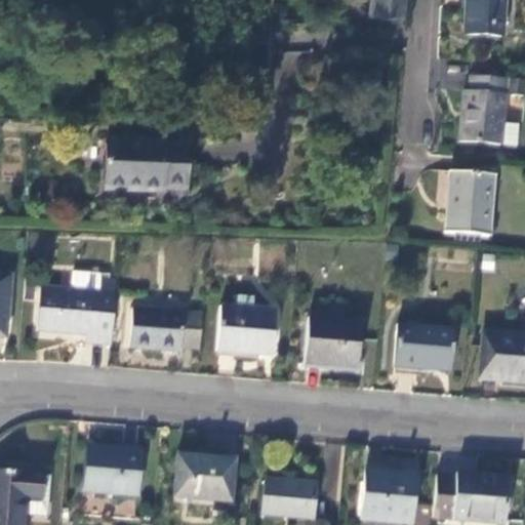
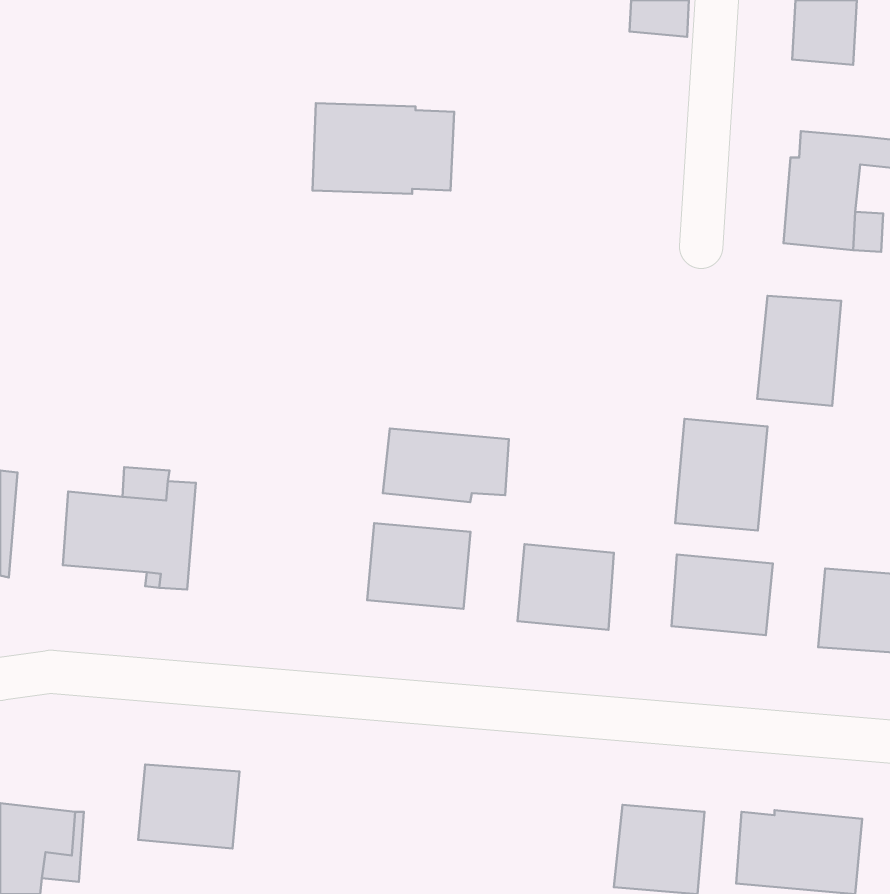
building: [107,139,190,193] -> [312,103,454,194]
building: none -> [675,419,767,531]
building: [130,310,204,353] -> [383,429,509,502]
building: [175,456,235,502] -> none
building: [264,481,317,519] -> none

